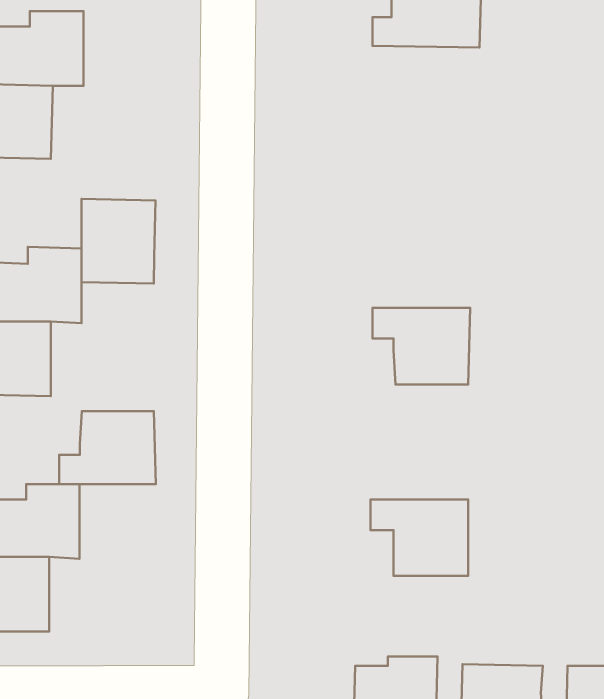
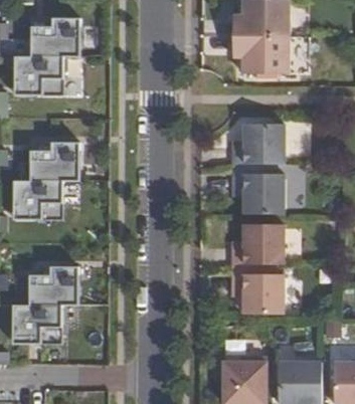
building: none -> [232,35,289,73]
building: [81,199,155,284] -> none
building: none -> [232,122,284,173]
building: none -> [231,222,283,273]
building: [59,411,156,484] -> none

